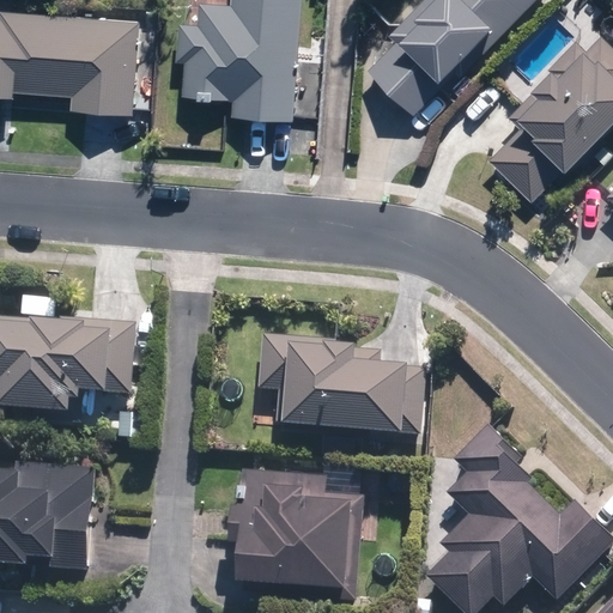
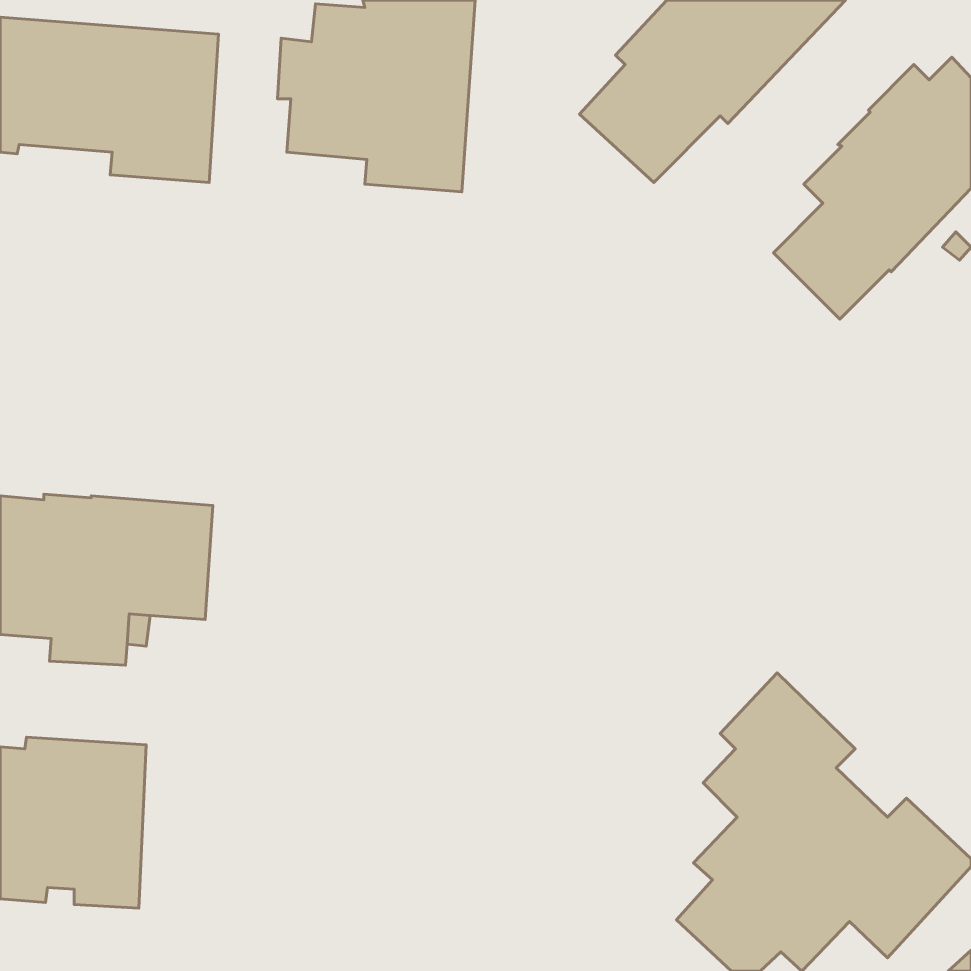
building: [256,330,425,432] -> none
building: [229,472,362,590] -> none

